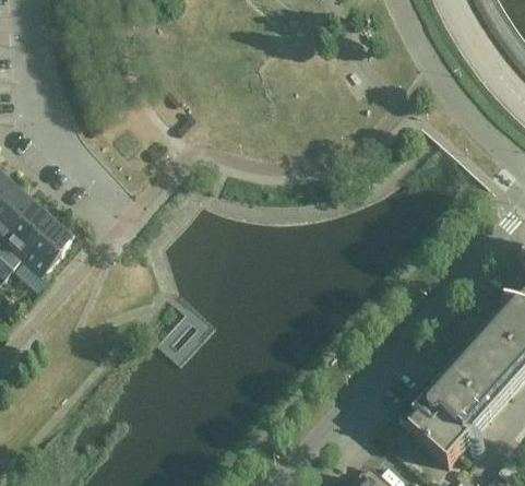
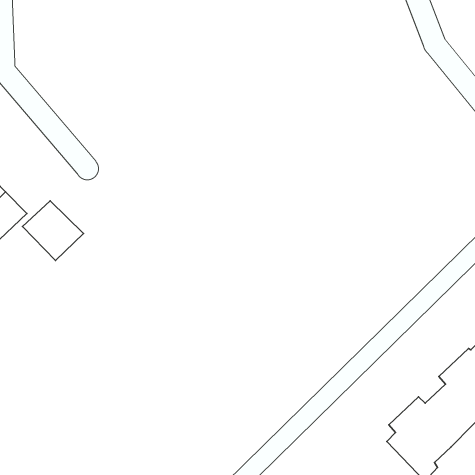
building: none -> [23,201,83,261]

